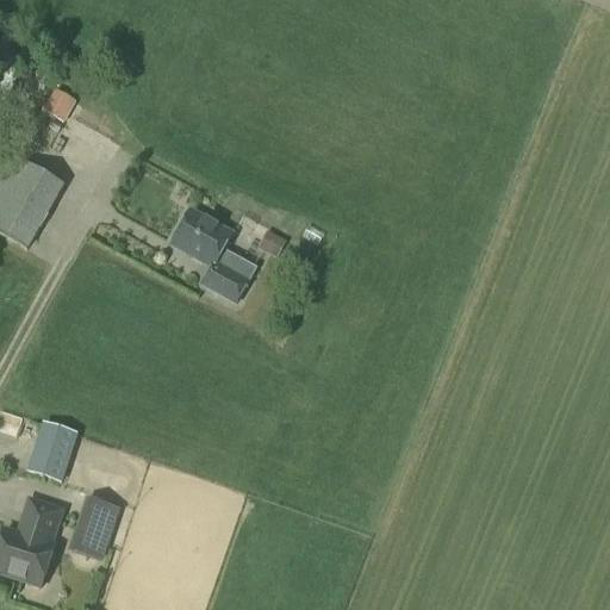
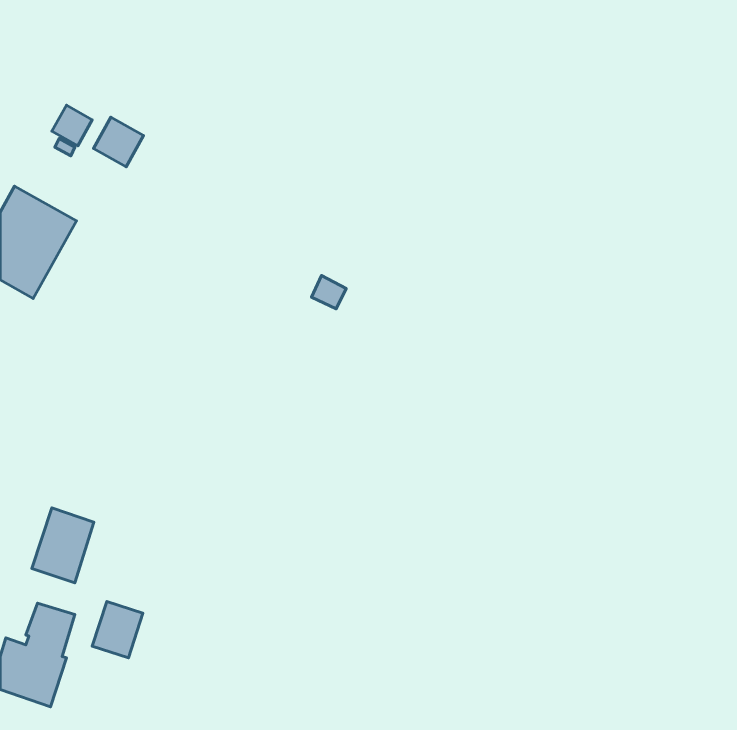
building: none -> [94,117,144,167]
building: [173,207,256,299] -> none

